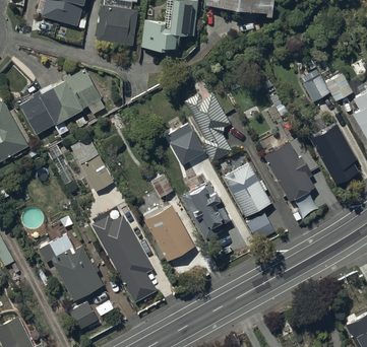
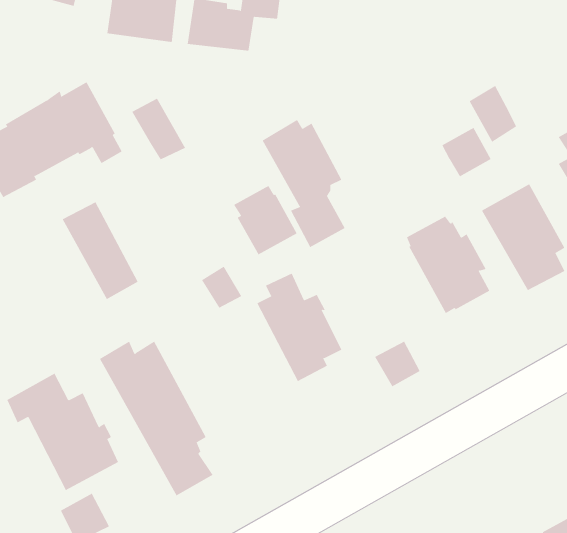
building: [325,75,354,103] -> [442,127,492,177]
building: none -> [131,98,186,160]
building: [223,161,270,216] -> none
building: [143,203,194,261] -> none

